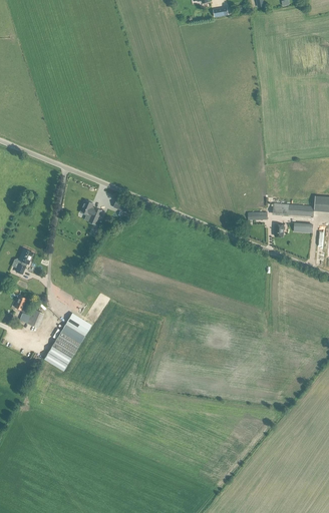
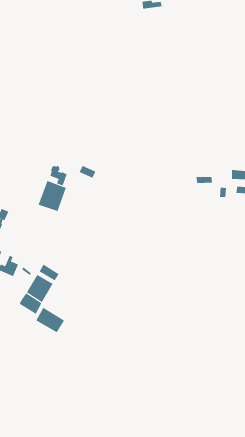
building: none -> [38,180,67,212]
building: none -> [36,307,65,333]

